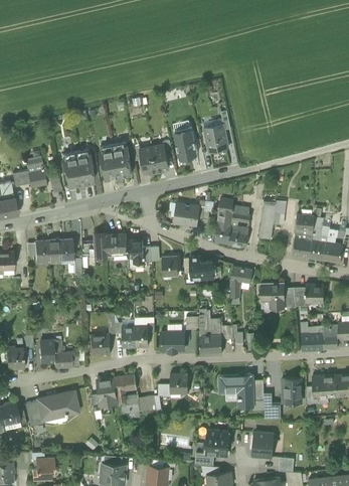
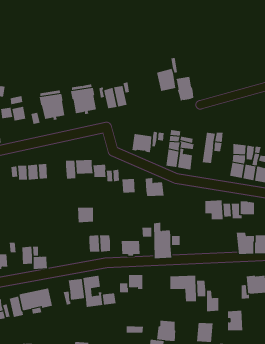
building: [174,127,197,158] -> [175,76,194,101]
building: [230,266,253,297] -> none
building: [91,334,111,353] -> [77,207,94,223]
building: [283,377,302,402] -> [227,310,243,331]

